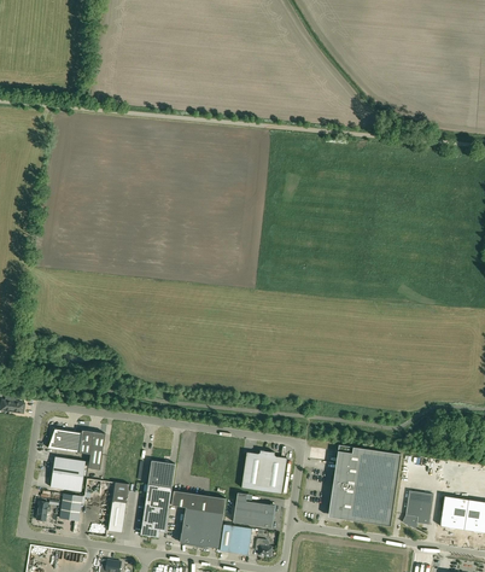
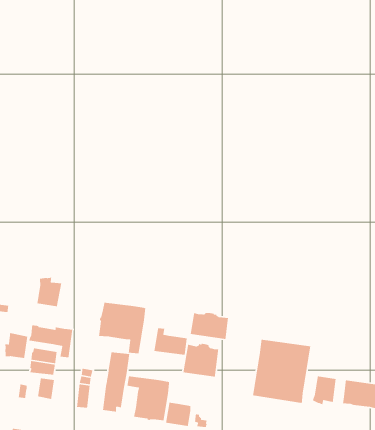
building: none -> [37,277,62,307]
building: none -> [98,302,146,354]
building: none -> [190,312,229,340]
building: none -> [4,332,28,360]
building: [232,492,274,527] -> [154,327,188,355]

